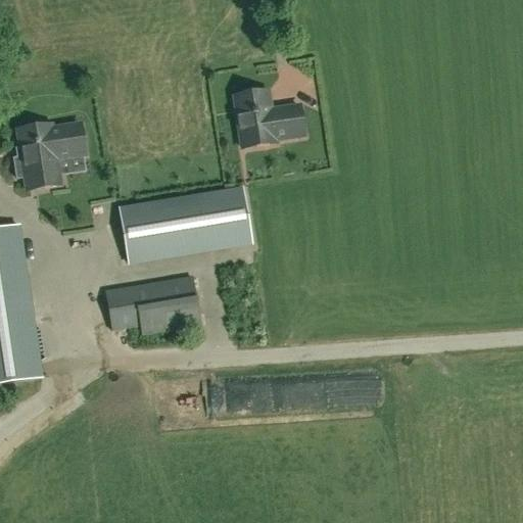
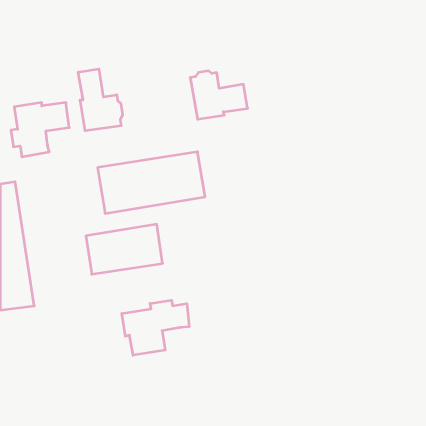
building: none -> [78,69,123,131]
building: none -> [122,300,189,355]

